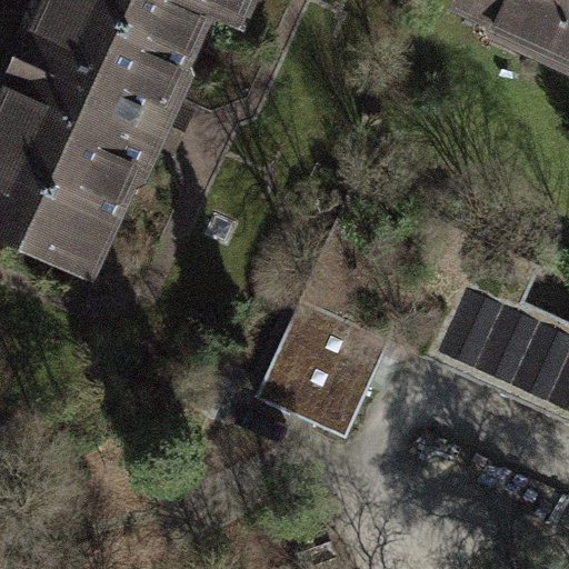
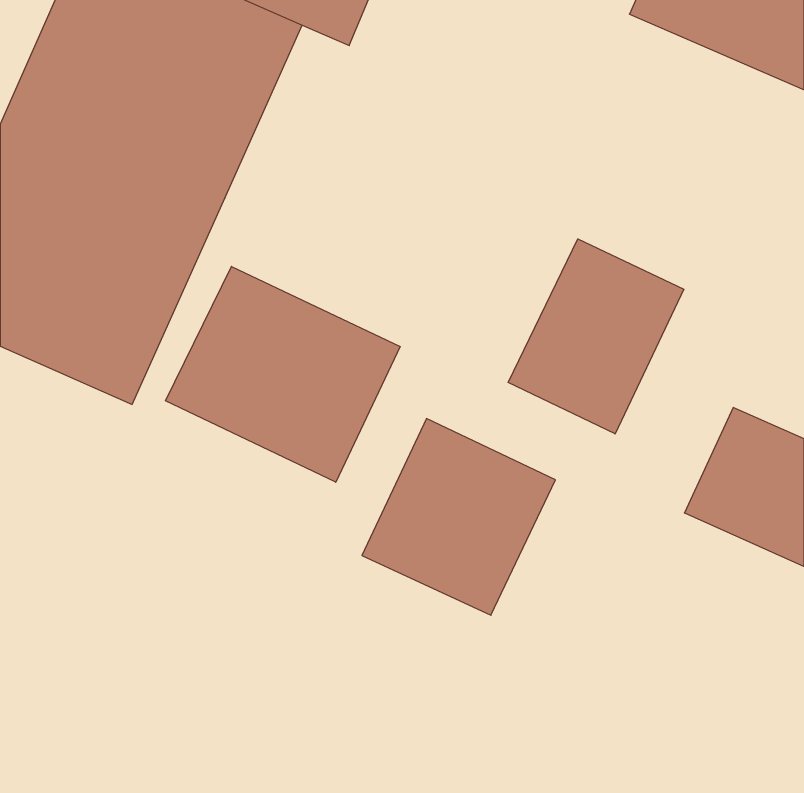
building: none -> [508,239,684,434]
building: none -> [166,266,400,482]

